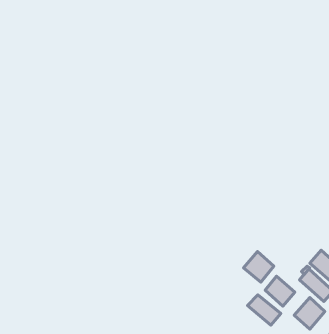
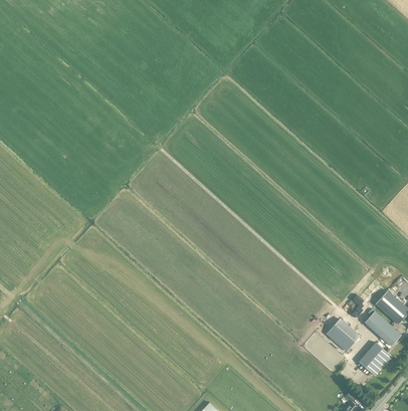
building: [244,252,274,282] -> none
building: [248,295,281,325] -> none

